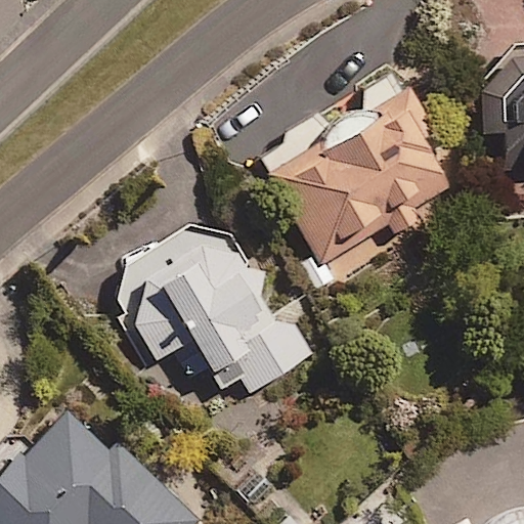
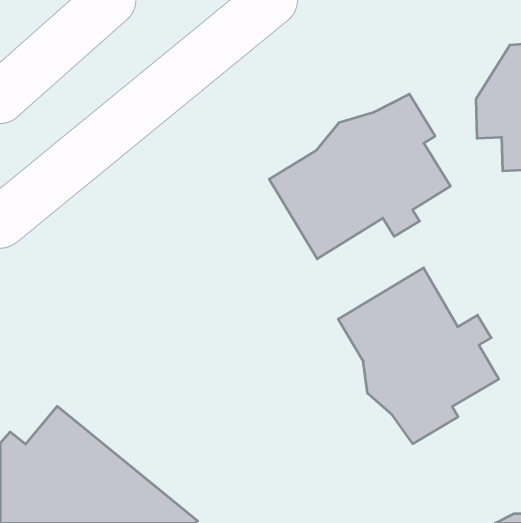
building: [120,226,309,396] -> none
building: none -> [338,268,499,444]

